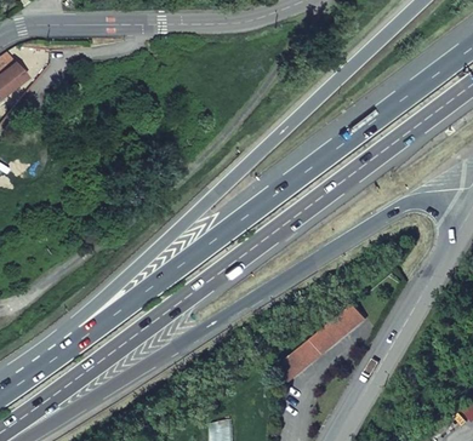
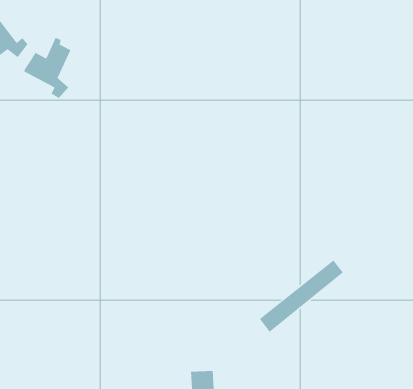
building: none -> [23,37,71,99]

